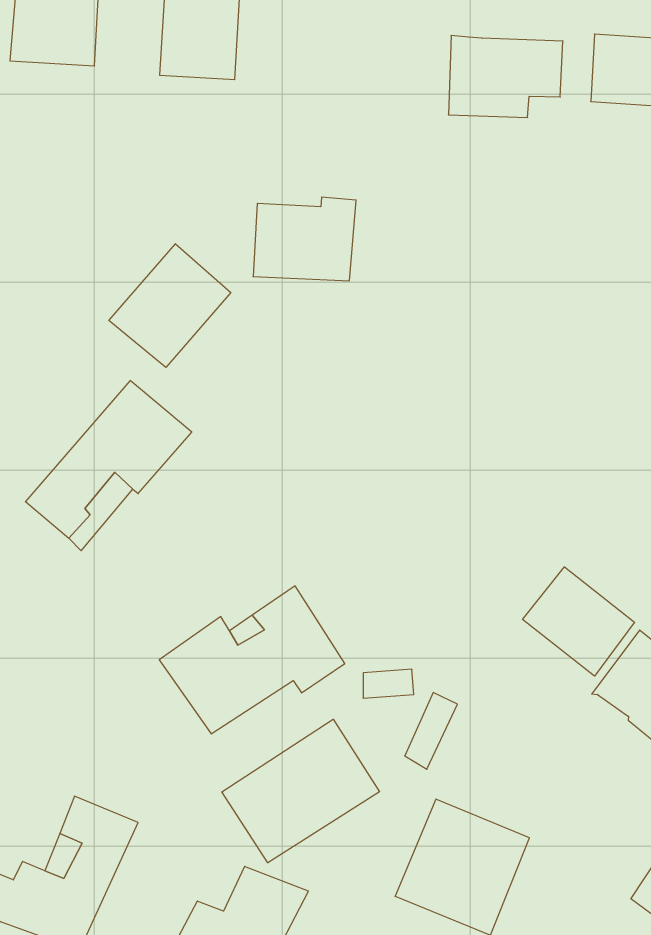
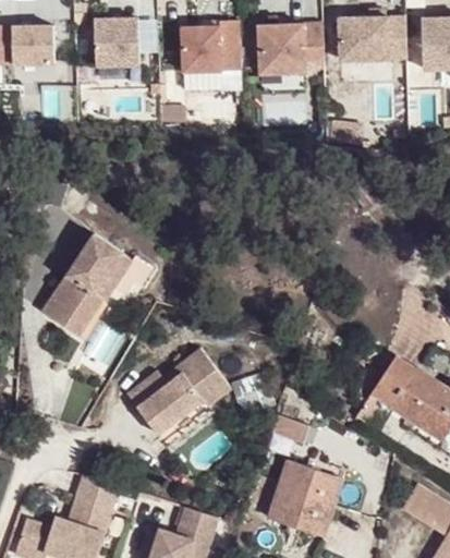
building: [253,197,356,281] -> [184,24,240,72]
building: [109,244,231,367] -> none
building: [523,567,635,676] -> none
building: [222,719,380,863] -> none

